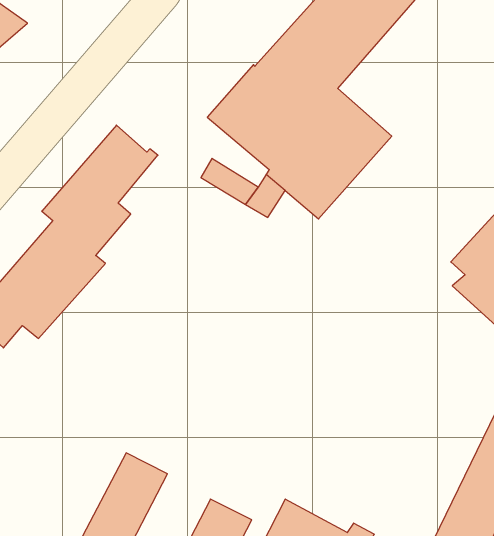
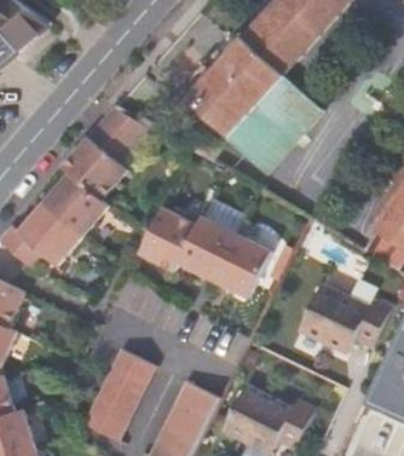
building: none -> [142,208,273,300]
building: none -> [299,287,389,353]

